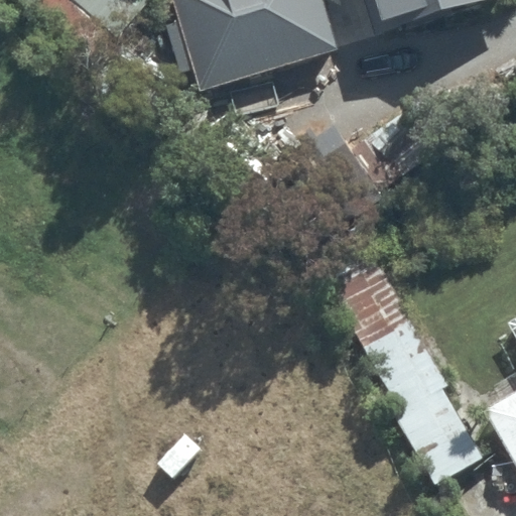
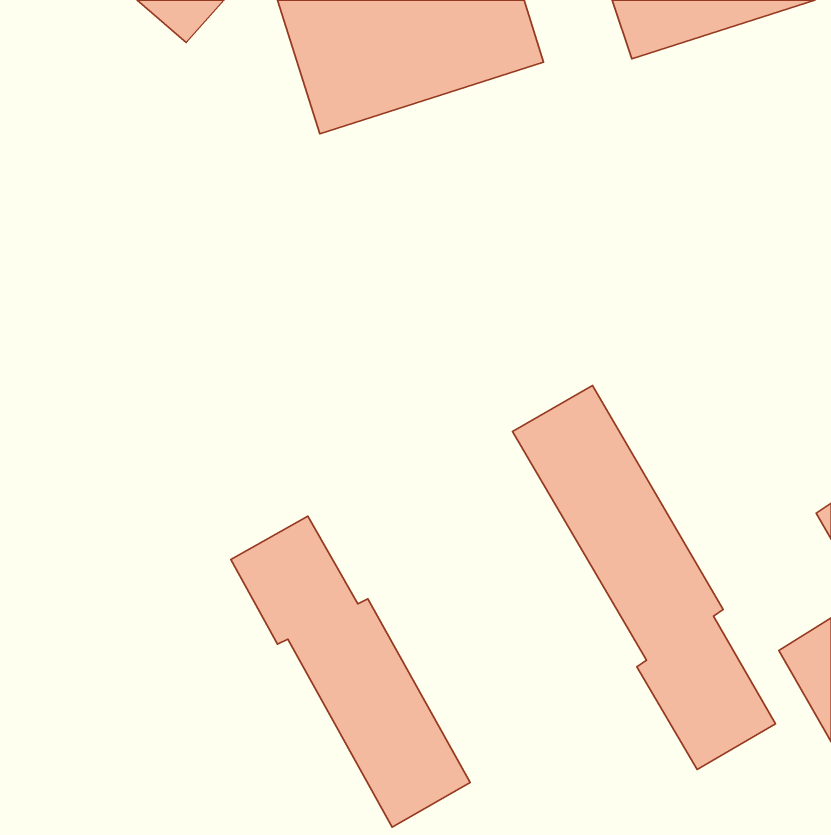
building: none -> [231,516,470,827]

